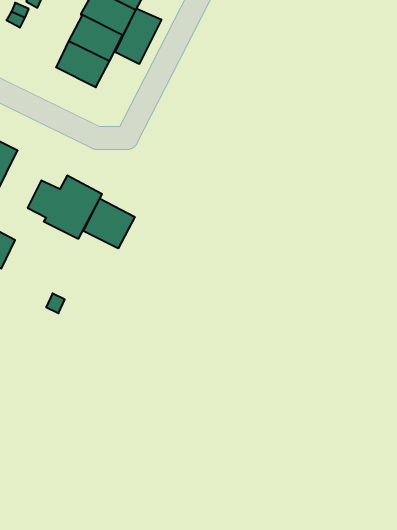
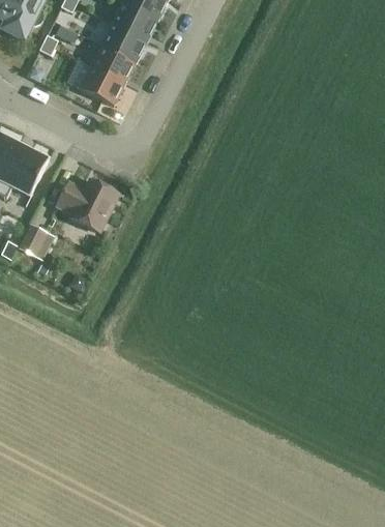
building: [115,8,161,64] -> none
building: [84,198,135,248] -> none

